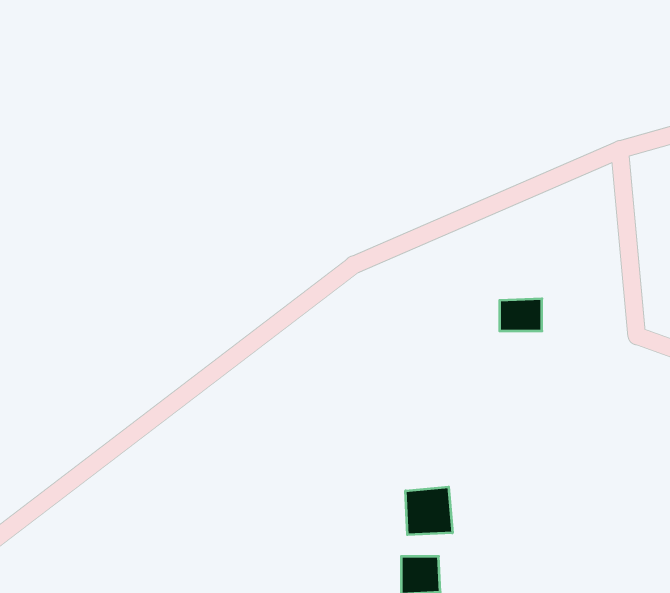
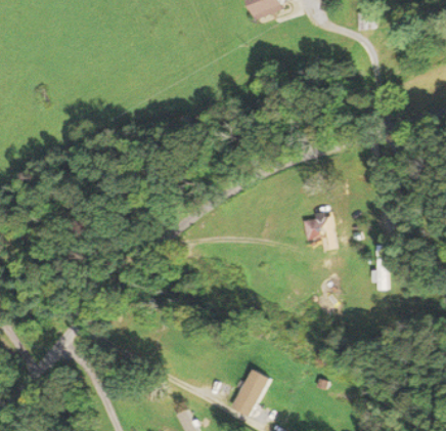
building: [406,487,452,535] -> none

